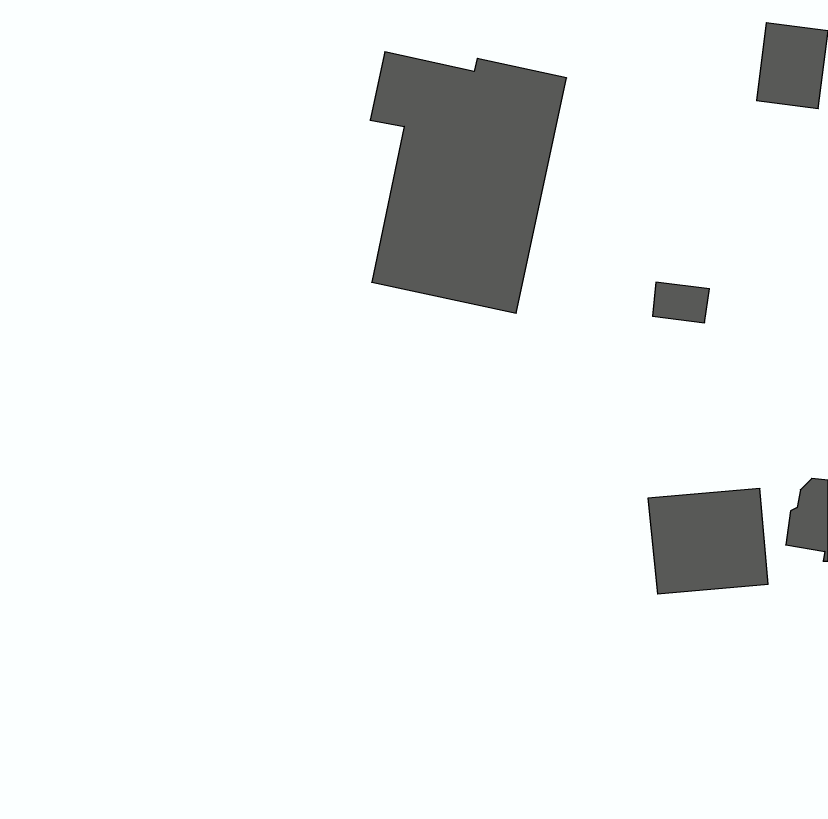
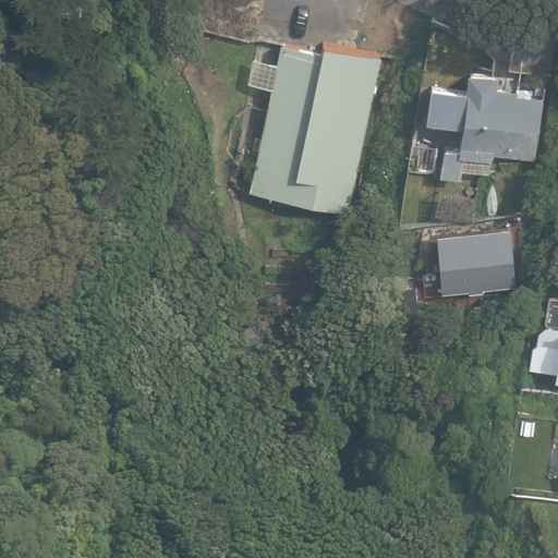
building: none -> [425,75,541,182]
building: [648,489,768,594] -> [435,227,515,298]

